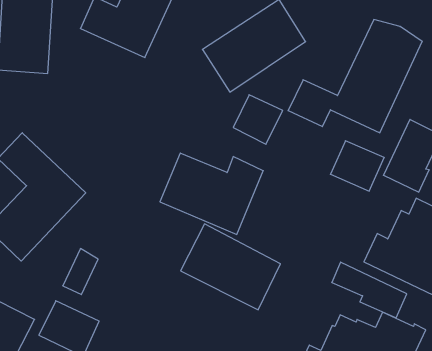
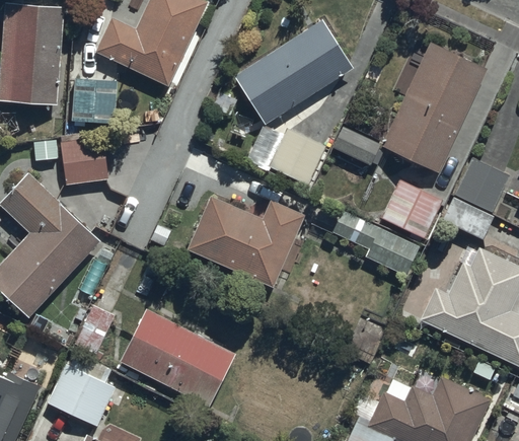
building: none -> [71,80,116,127]
building: none -> [60,137,109,187]
building: [181,224,280,310] -> [120,308,234,407]
building: [332,262,407,318] -> [332,212,419,276]

